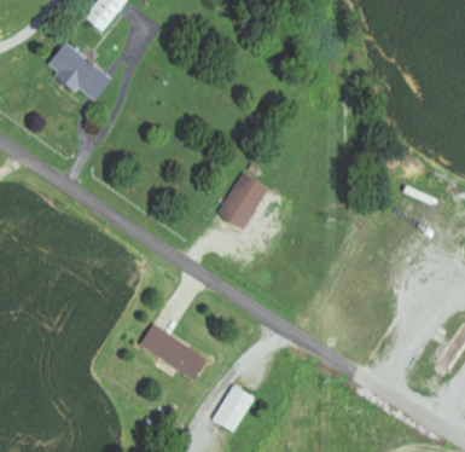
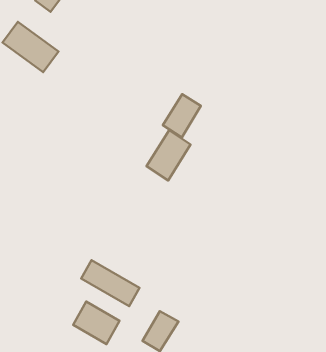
building: none -> [163,94,201,138]
building: none -> [73,302,120,344]

